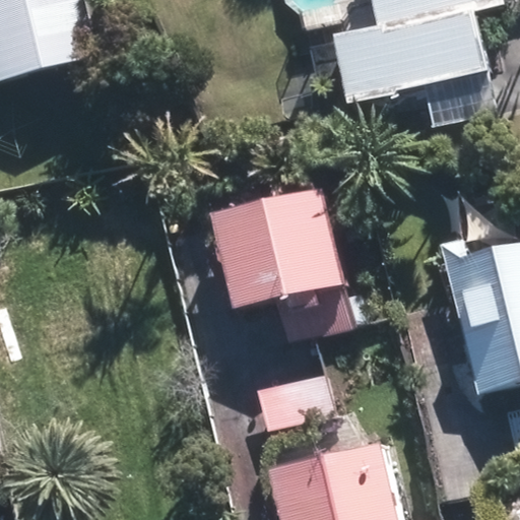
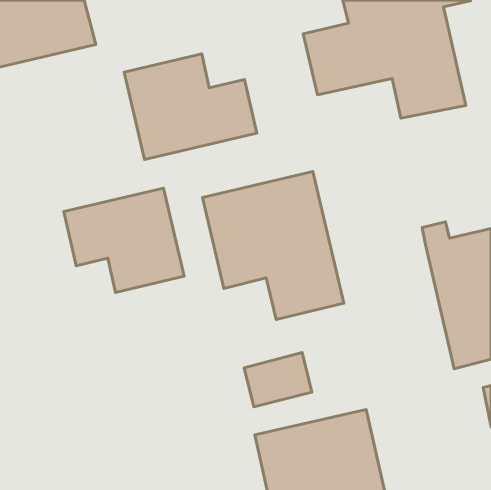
building: none -> [124,54,257,160]
building: none -> [64,188,184,292]

